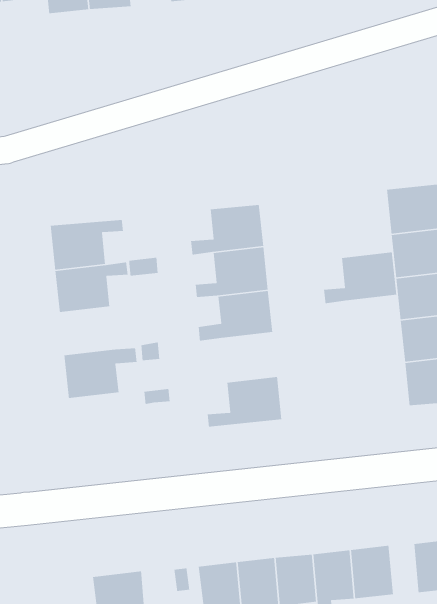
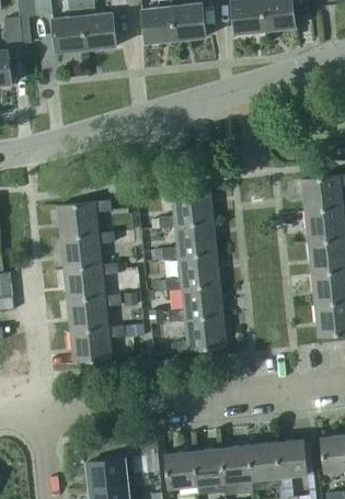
building: [323,251,397,304] -> [169,284,222,322]
building: none -> [64,264,119,300]
building: none -> [70,327,124,364]

